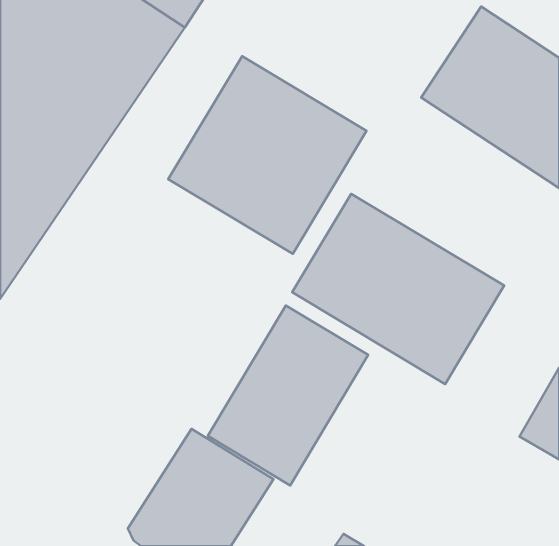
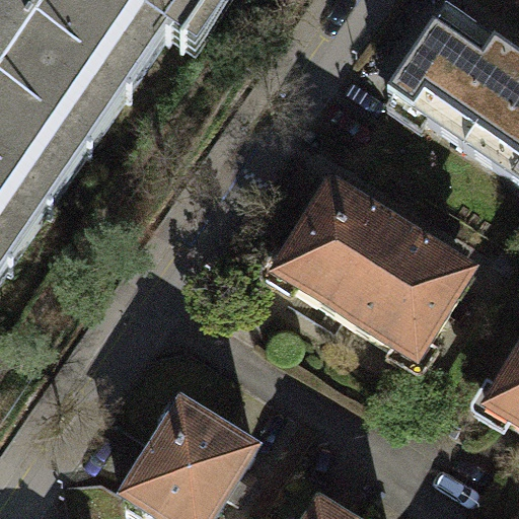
building: [168,56,366,254] -> none
building: [208,305,368,485] -> none

